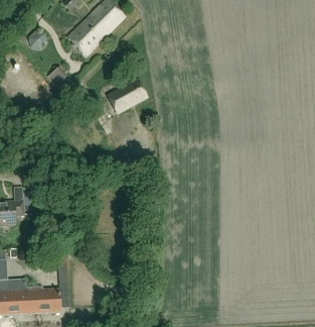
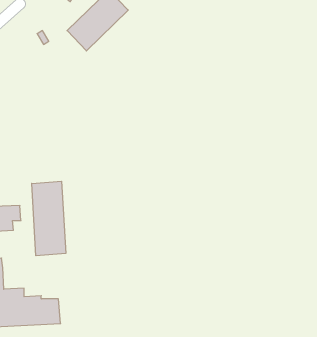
building: [107,79,147,113] -> none
building: none -> [32,181,66,256]

